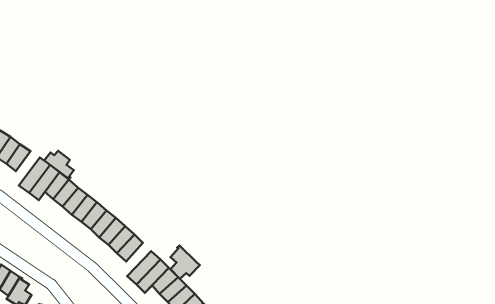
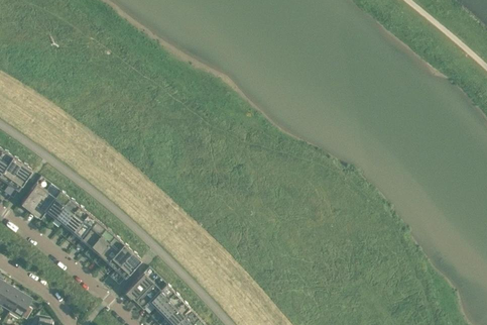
building: [44,151,74,179] -> none
building: [170,246,200,279] -> none

